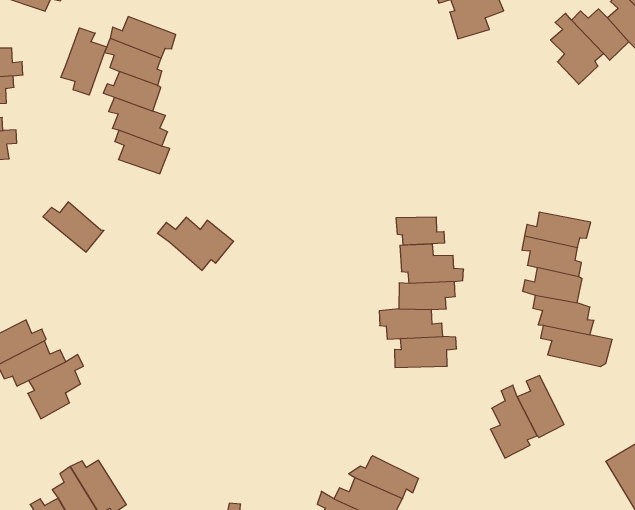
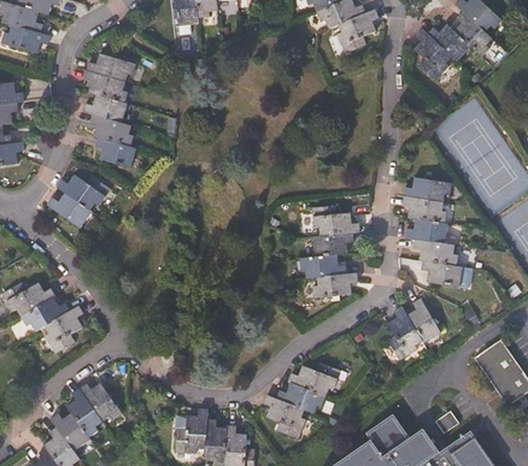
building: [61,28,107,95] -> none
building: [396,217,444,245] -> none
building: [157,217,234,270] -> [54,173,111,212]

